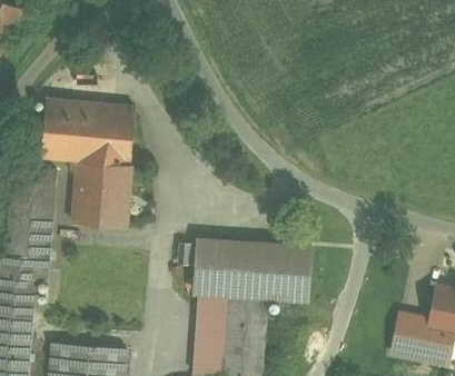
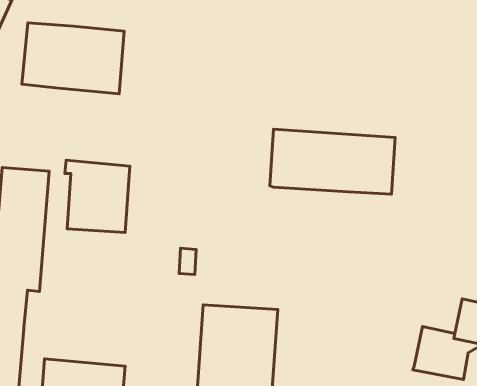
building: [40,98,135,164] -> [22,23,124,94]
building: [195,238,310,298] -> [270,129,395,194]

